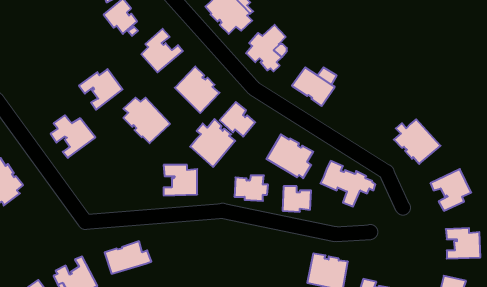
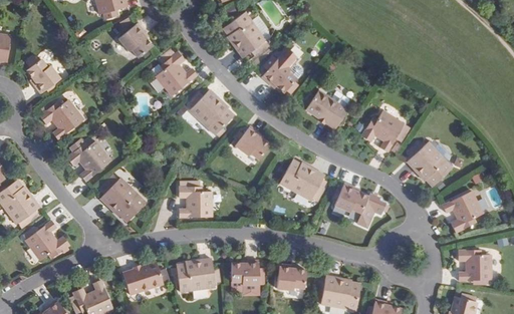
building: none -> [27,59,60,94]
building: [79,69,123,110] -> [41,99,84,139]
building: none -> [360,112,408,153]
building: [123,98,170,143] -> [100,178,147,223]
building: [190,119,235,167] -> none
building: [234,175,268,201] -> [230,260,263,285]
building: [283,186,311,212] -> [279,264,307,289]
building: none -> [23,220,69,260]
building: none -> [179,259,221,290]

